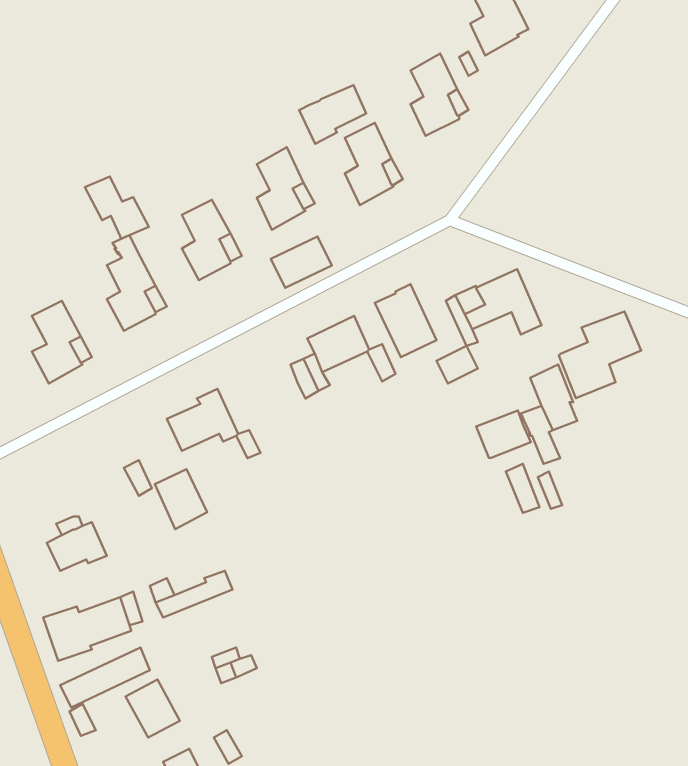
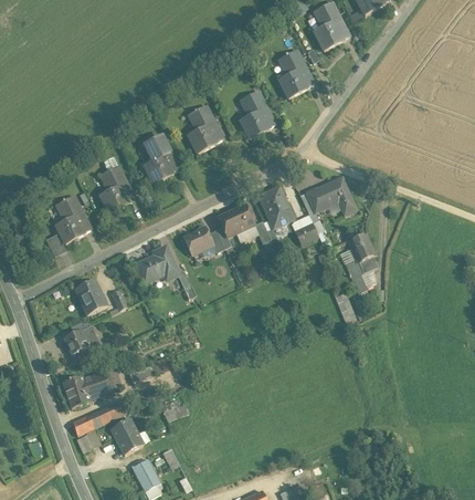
building: [299,85,366,144] -> none
building: [85,177,149,239] -> none
building: [271,237,332,288] -> none
building: [559,311,641,398] -> none
building: none -> [183,227,212,254]
building: [476,411,531,458] -> none
building: [155,469,207,529] -> [74,280,105,315]

